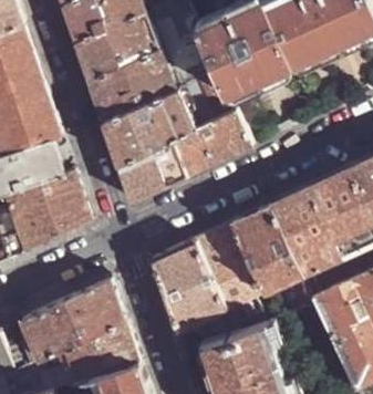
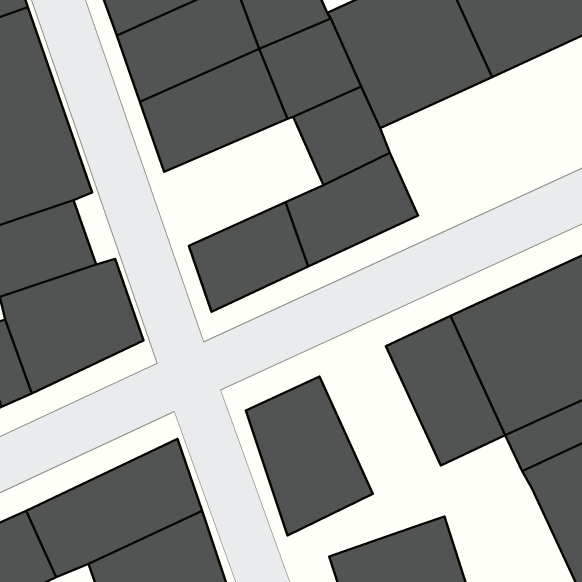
building: [102,91,195,166] -> none
building: [193,225,276,329] -> none

